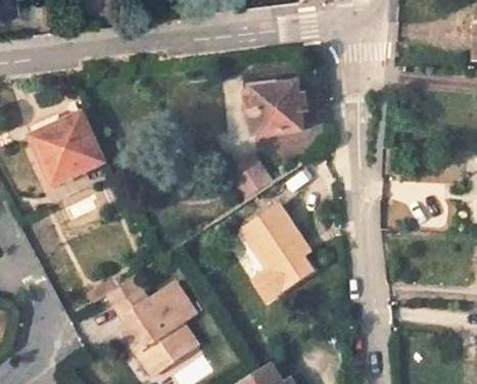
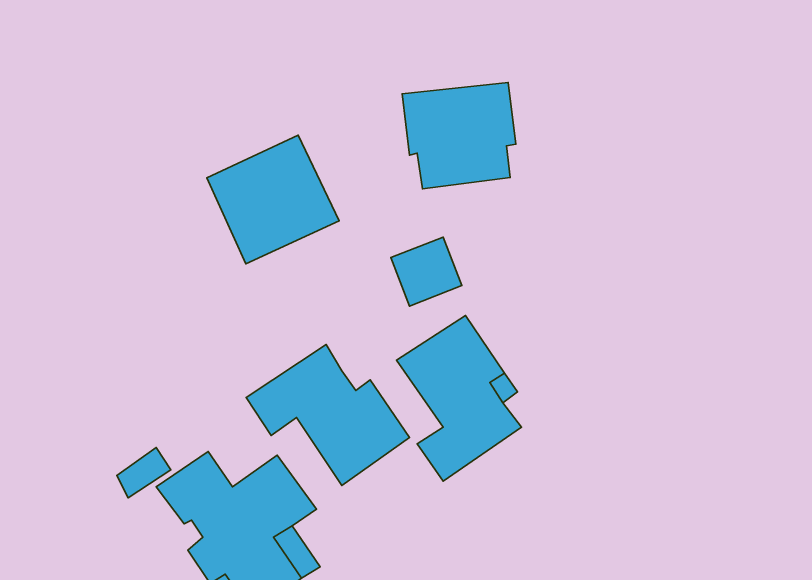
building: [29,114,101,185] -> [207,135,339,264]
building: none -> [246,344,409,486]

